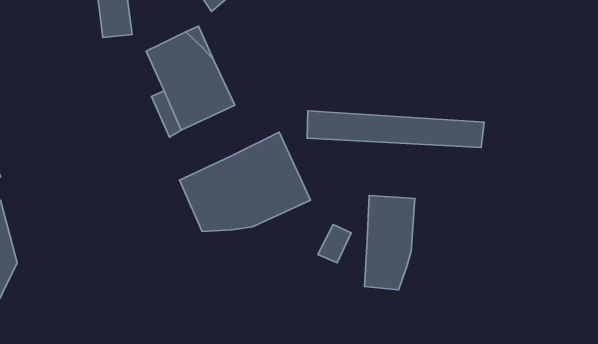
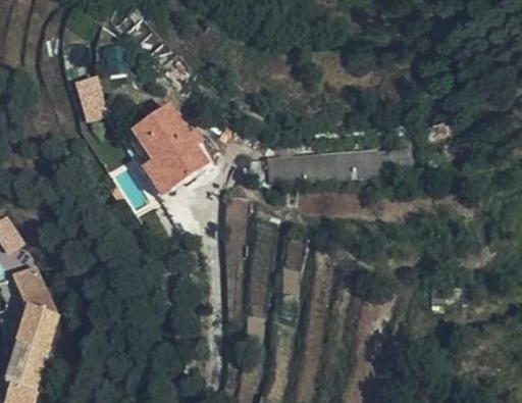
building: [180,132,311,232] -> none
building: [364,195,415,290] -> none

